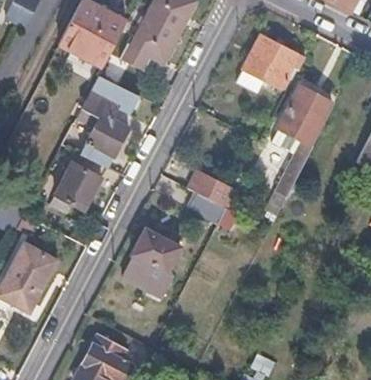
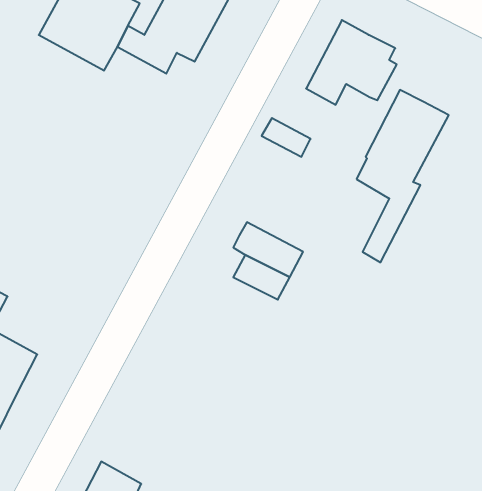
building: [79,75,128,168] -> none
building: [49,161,100,212] -> none
building: [123,227,182,300] -> none

